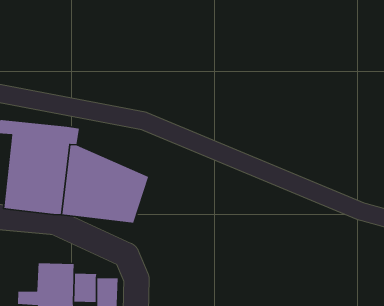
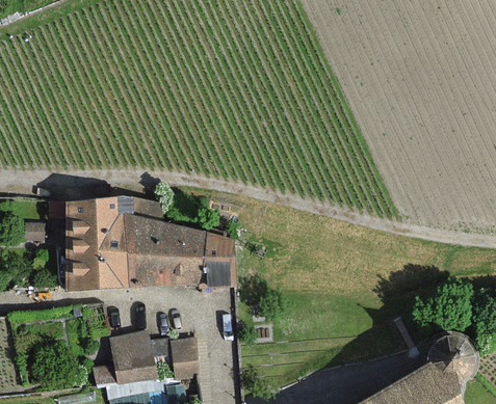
building: none -> [199,234,232,286]

